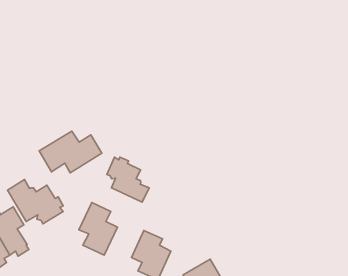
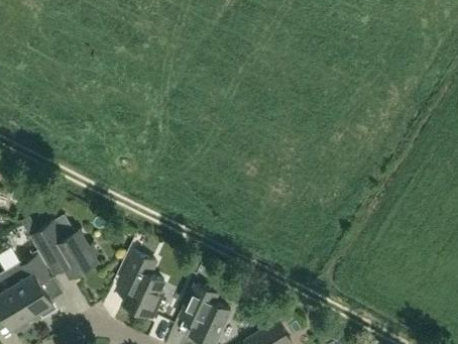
building: [39,131,102,173] -> none
building: [107,157,149,202] -> none

